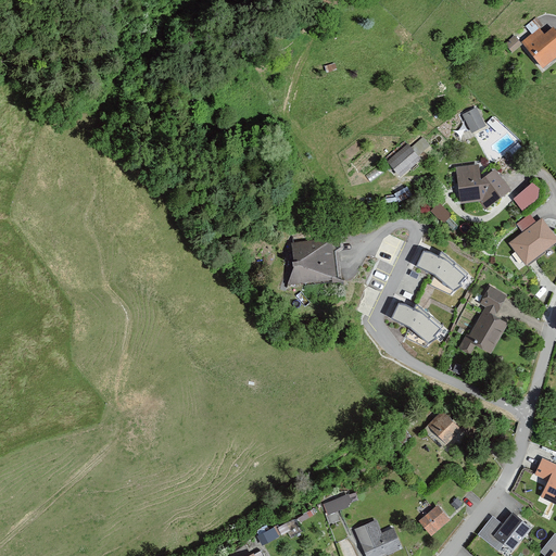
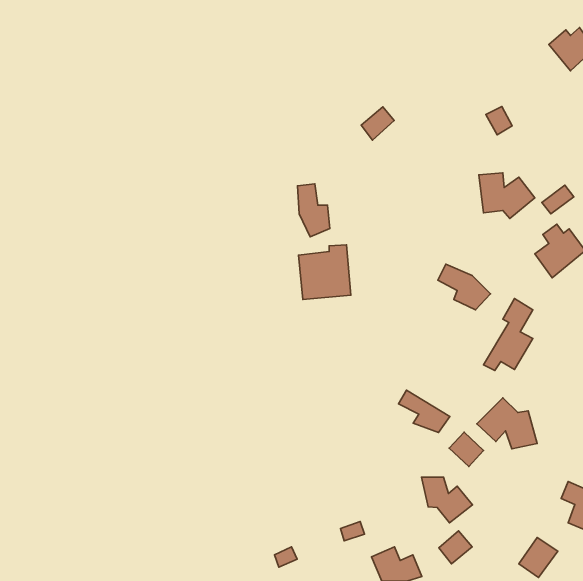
building: [387,143,418,175] -> [361,107,394,140]
building: none -> [298,184,330,237]
building: [392,305,441,345] -> [398,390,450,432]
building: none -> [477,398,537,449]
building: none -> [421,477,473,523]

